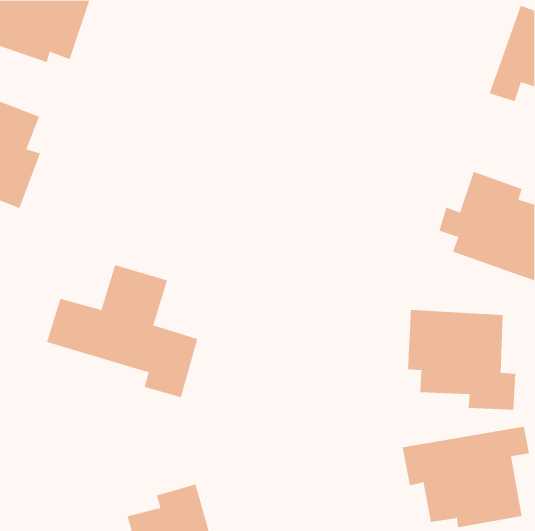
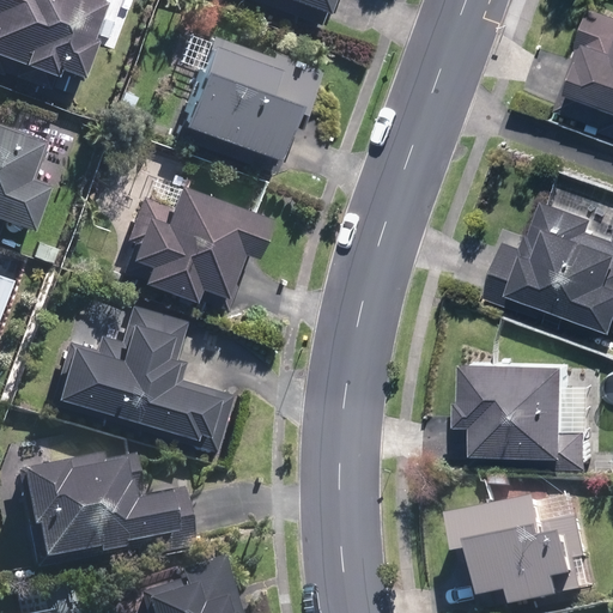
building: none -> [181,38,327,158]
building: none -> [131,184,268,299]
building: none -> [23,459,190,564]

